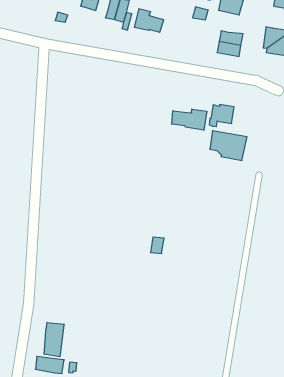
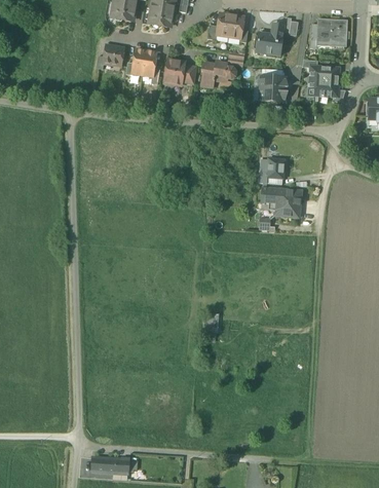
building: none -> [201,62,235,86]
building: [172,109,207,130] -> none
building: [44,322,64,357] -> none

